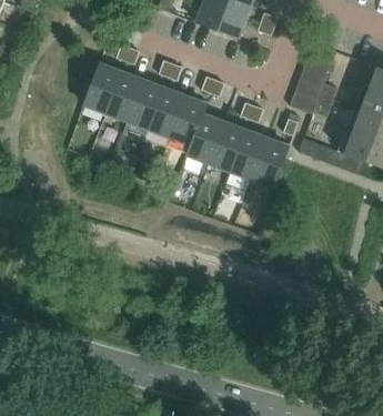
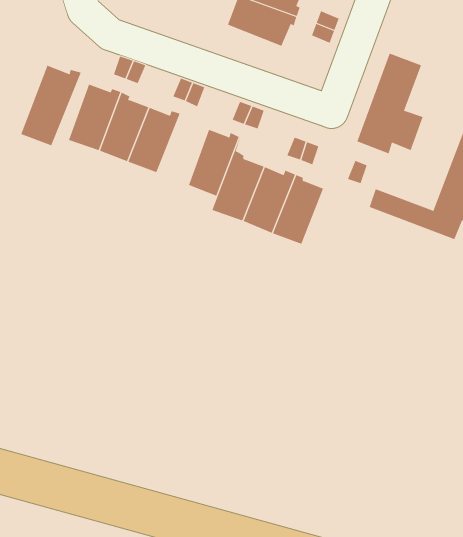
building: none -> [21,65,82,146]
building: [148,84,184,135] -> none
building: [251,138,289,185] -> none

